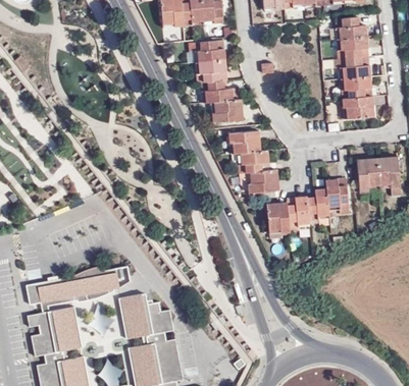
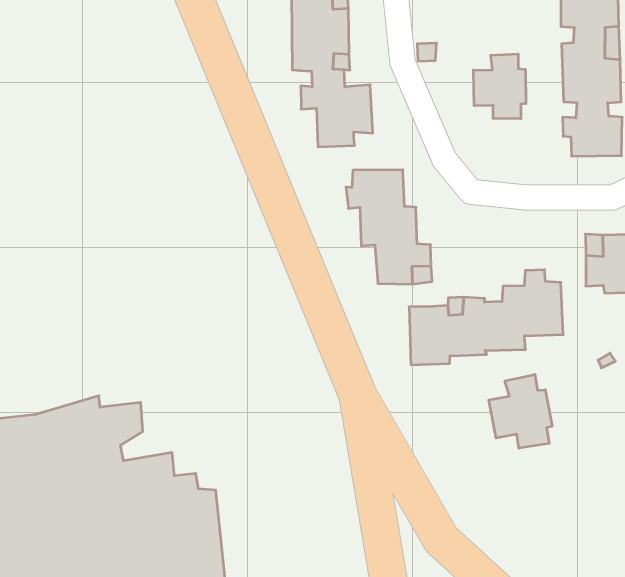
building: none -> [473,54,526,119]
building: none -> [489,374,552,448]

